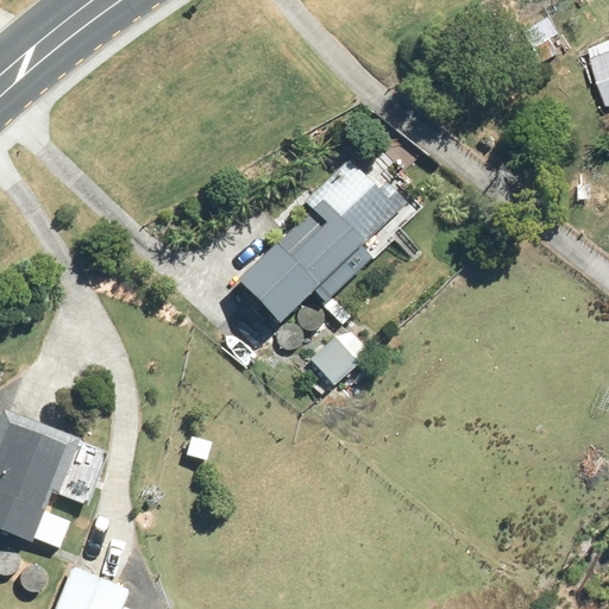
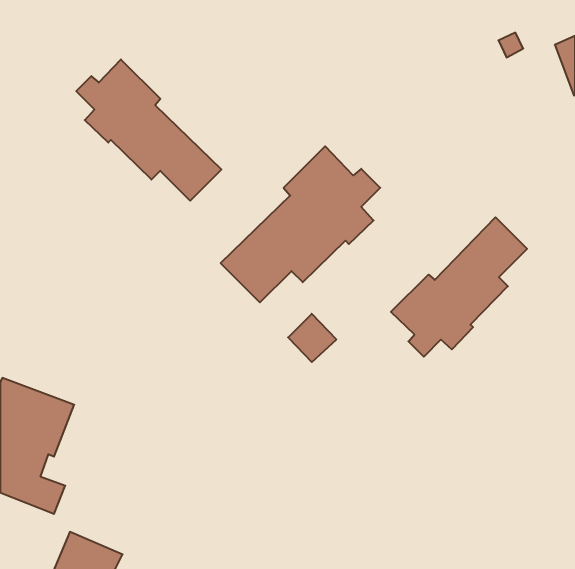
building: none -> [76,59,221,201]
building: none -> [391,217,527,357]

